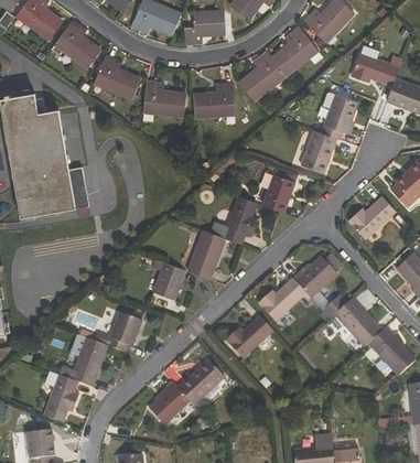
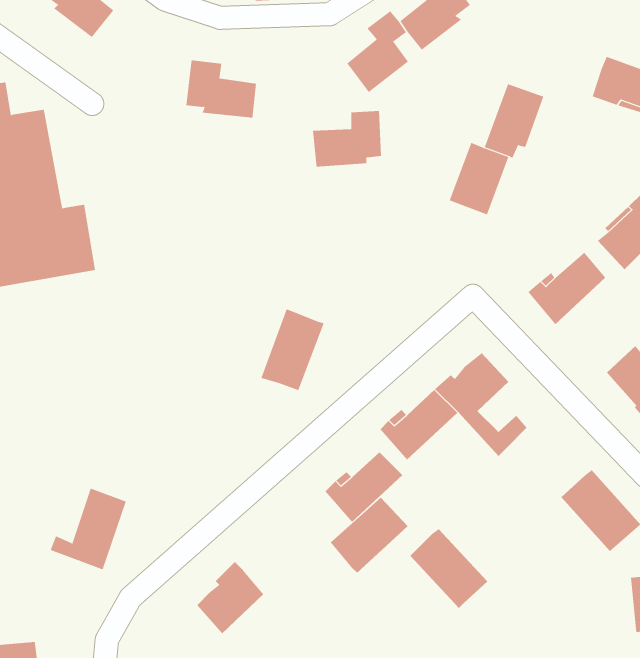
building: [352,52,400,85] -> none
building: [95,53,139,97] -> none
building: [192,82,234,116] -> [312,110,382,167]
building: [262,174,294,212] -> none
building: [223,195,258,244] -> none
building: [152,262,183,300] -> none
building: [335,298,383,346] -> [409,528,488,609]
building: [106,311,142,352] -> none
building: [177,359,225,406] -> [330,497,408,574]
building: [43,375,79,423] -> none

